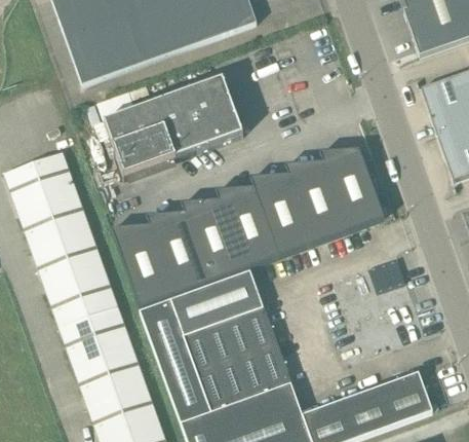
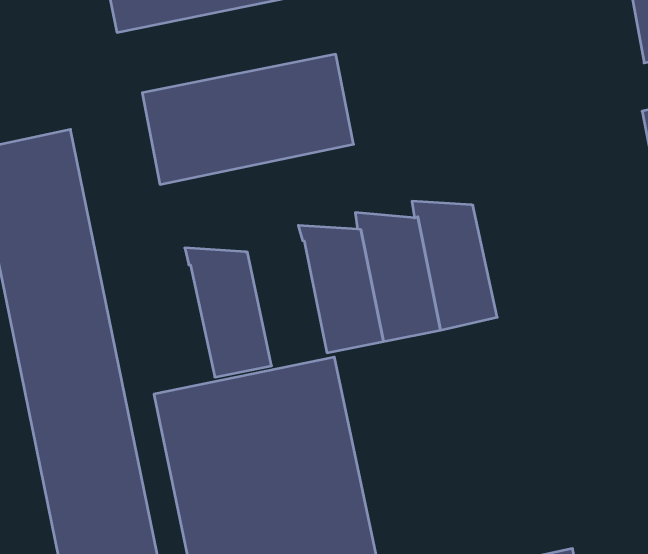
building: [319,148,384,229] -> none
building: [180,198,244,281] -> none
building: [111,224,175,306] -> none

